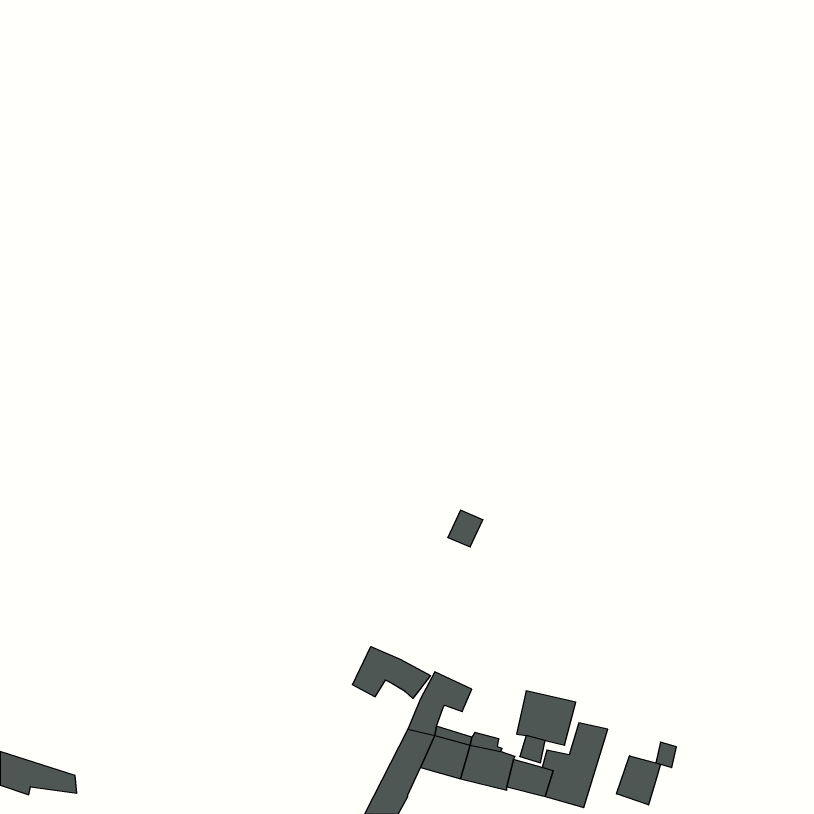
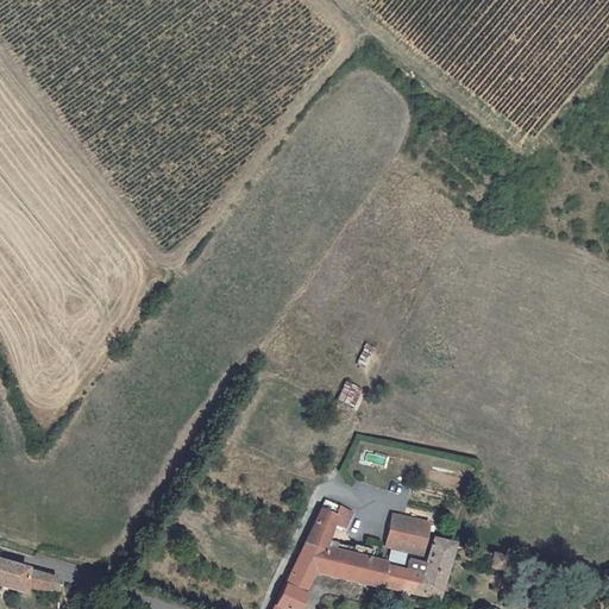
building: [353,647,430,698] -> none
building: [617,756,661,805] -> none

